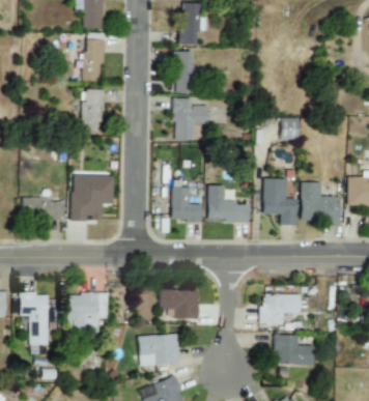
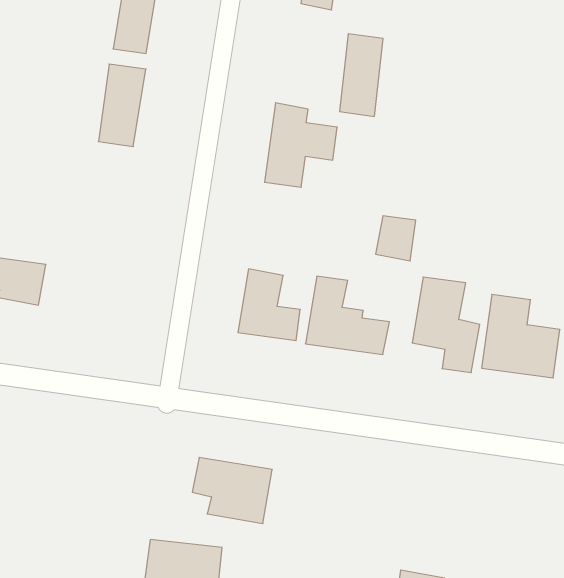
building: [175,52,195,93] -> [340,34,383,116]
building: [279,118,297,140] -> [376,216,416,261]
building: [72,175,114,221] -> none
building: [70,293,109,331] -> none
building: [260,293,300,323] -> none

